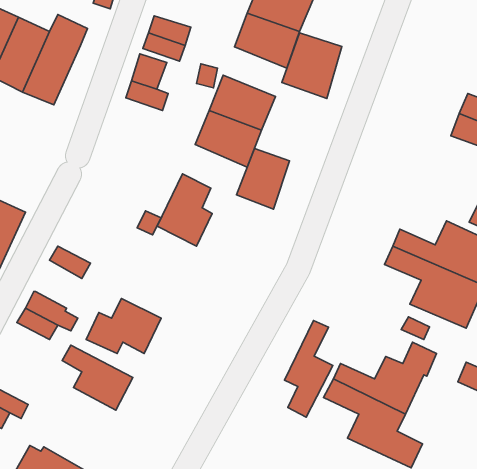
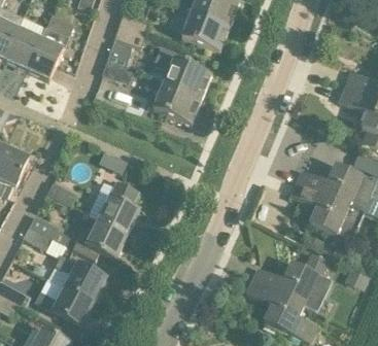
building: [282,33,342,98] -> none
building: [236,148,289,209] -> none
building: [157,174,212,246] -> [99,181,139,234]
building: [284,321,333,417] -> none
building: none -> [35,284,95,326]

